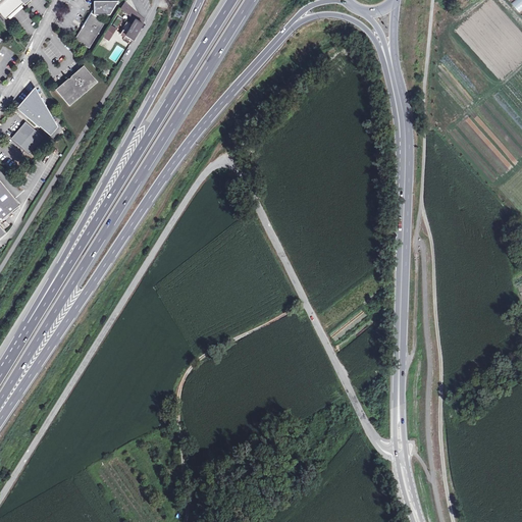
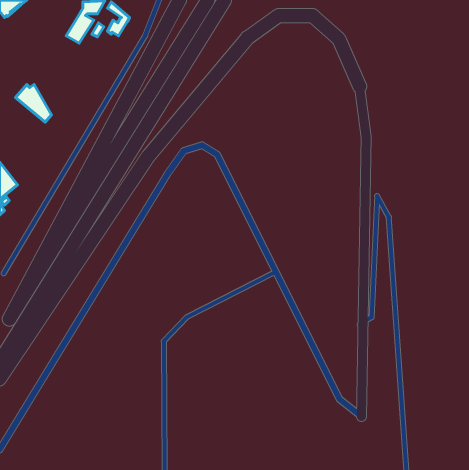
building: [53,65,96,106] -> none
building: [11,122,43,154] -> none

